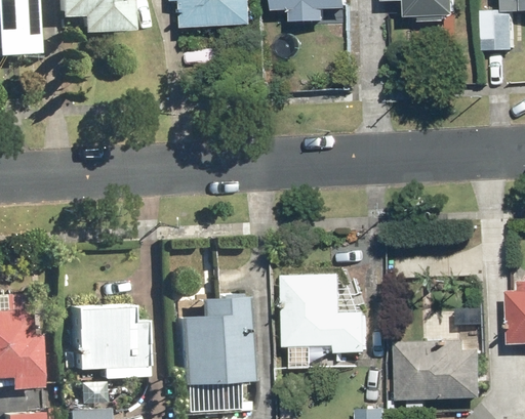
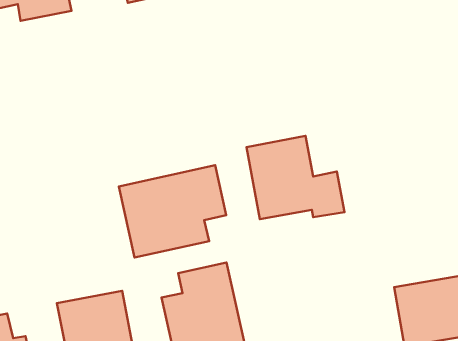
building: none -> [119,165,226,258]
building: [287,274,371,352] -> [246,136,344,219]

